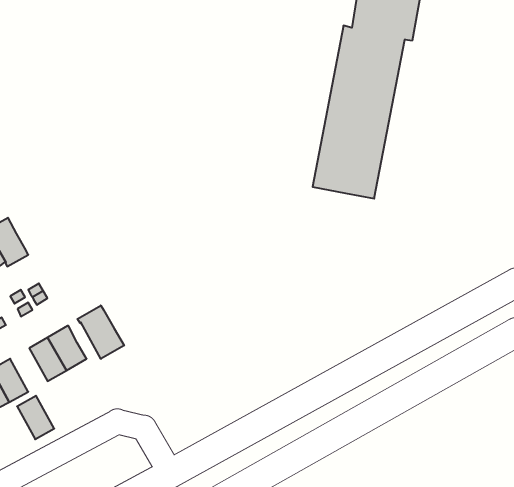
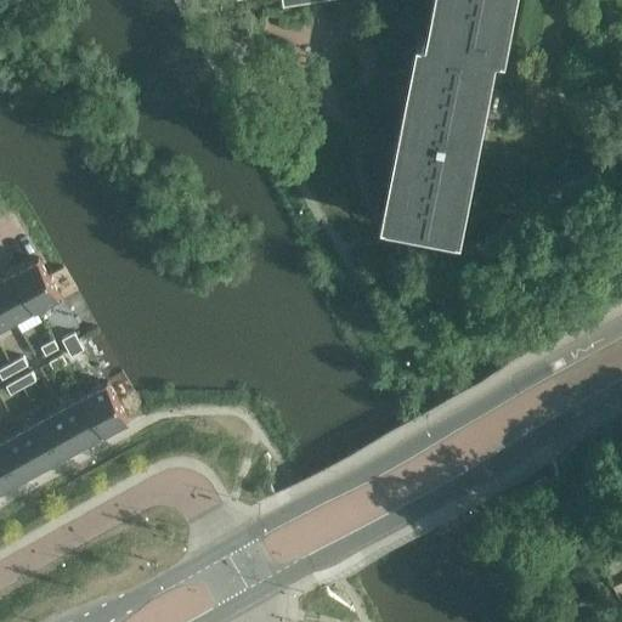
building: [77,305,124,359] -> none
building: [17,396,54,439] -> [40,411,83,460]

